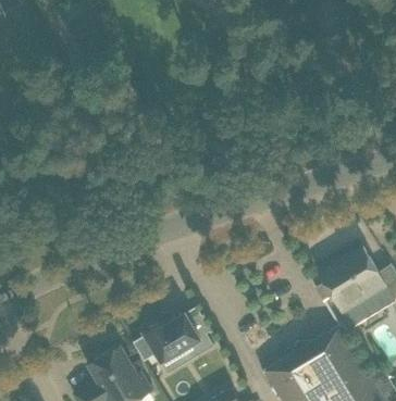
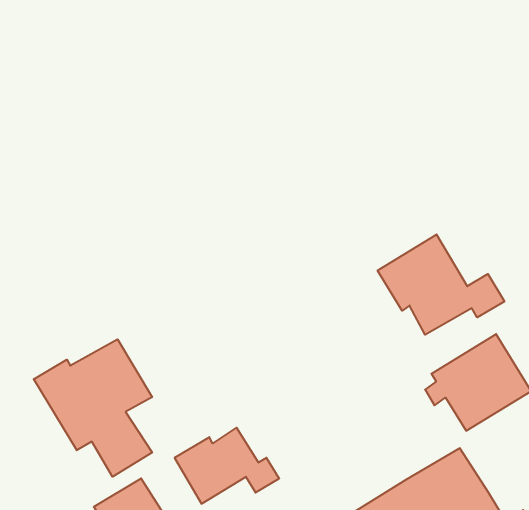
building: none -> [378,234,504,335]
building: none -> [34,339,152,477]

